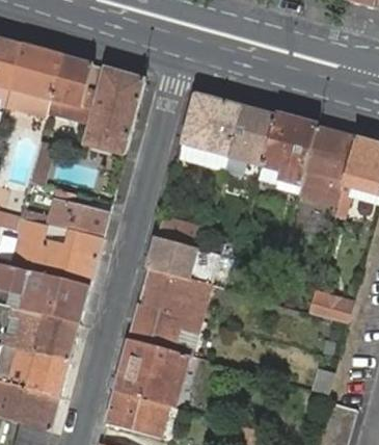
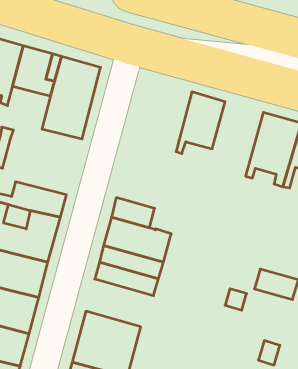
building: [182,91,241,155] -> none
building: [259,114,317,193] -> none
building: [129,303,200,355] -> none

